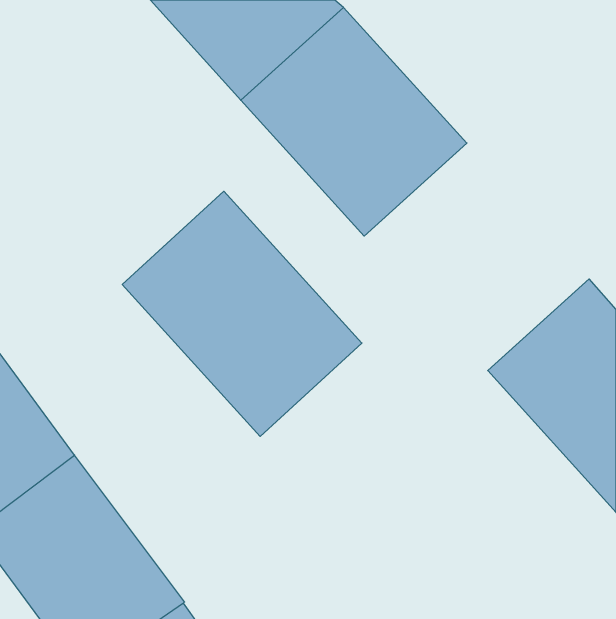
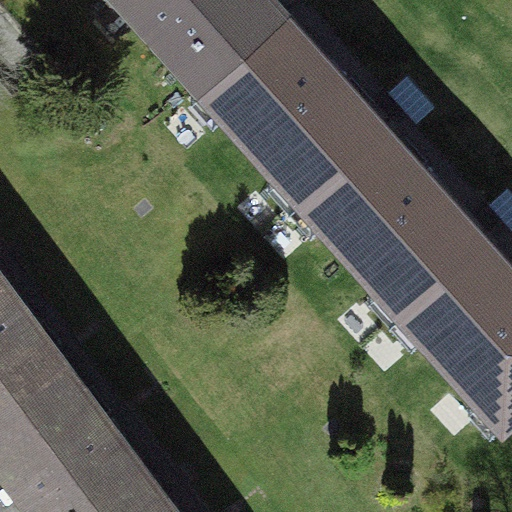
building: none -> [298,122,482,308]
building: [122,191,362,436] -> none

